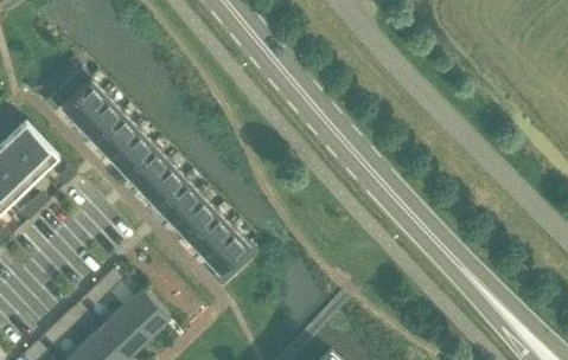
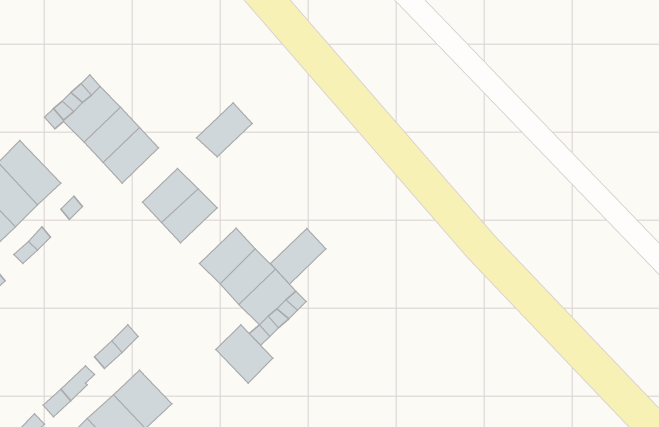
building: [108,130,153,174] -> [197,103,252,157]
building: [155,179,200,224] -> [270,229,326,284]
building: [122,290,168,338] -> [216,325,273,383]

